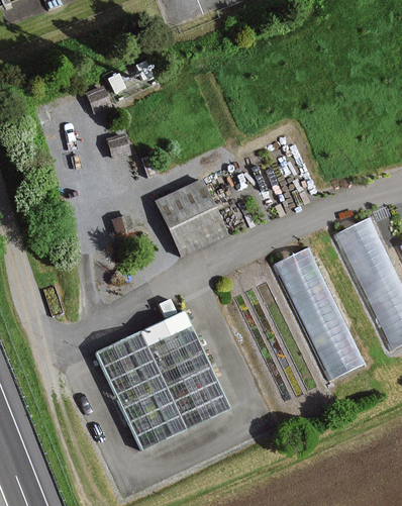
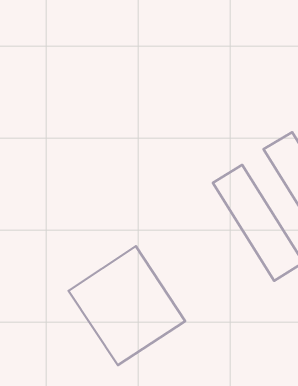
building: [155,186,223,259] -> none

